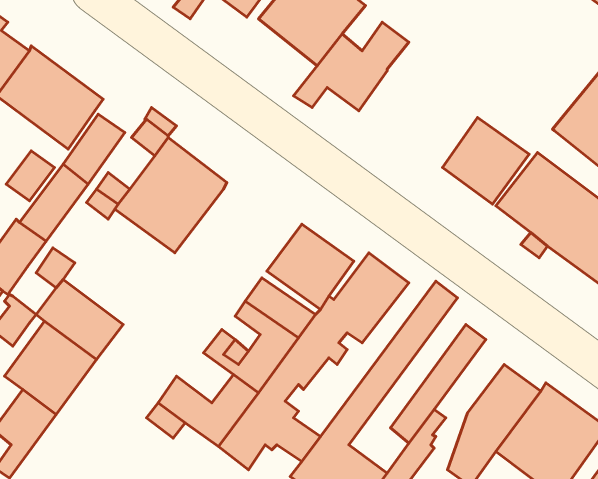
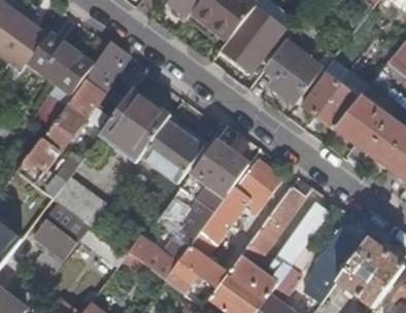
building: none -> [90,39,129,84]
building: none -> [265,40,324,104]
building: none -> [142,119,209,181]

